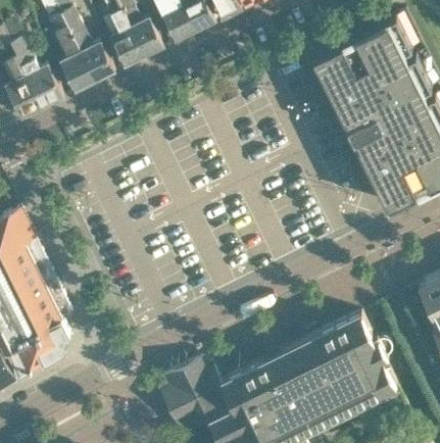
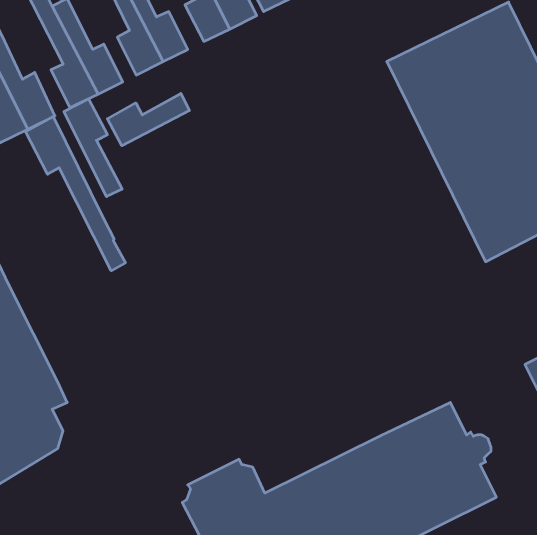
building: none -> [107,93,189,146]
building: none -> [64,99,122,197]
building: none -> [26,117,125,271]

